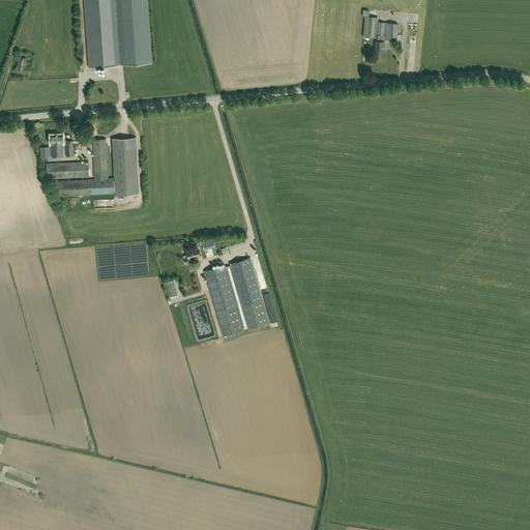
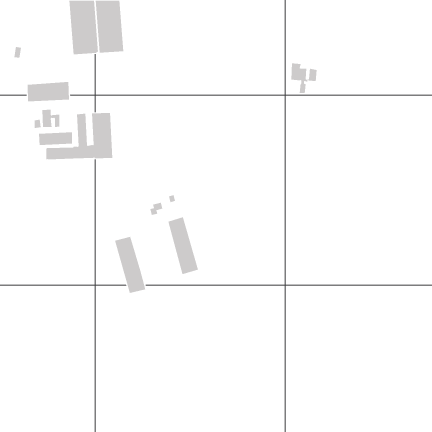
building: [364,17,398,54] -> [290,63,317,93]
building: none -> [27,81,70,102]
building: [230,258,269,328] -> [114,236,146,294]

